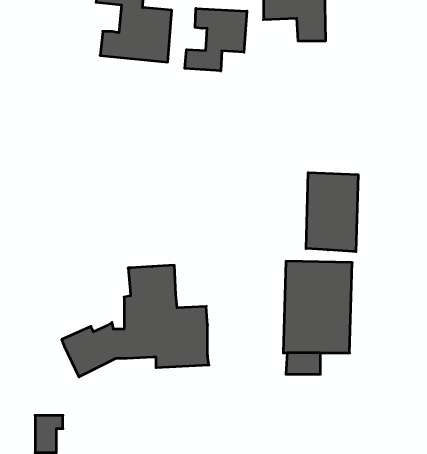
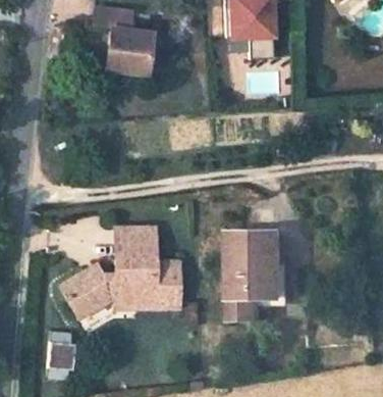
building: [185,8,247,71] -> none
building: [306,173,358,252] -> none

